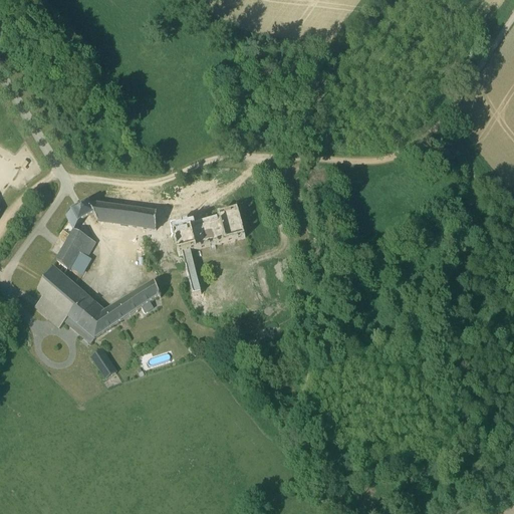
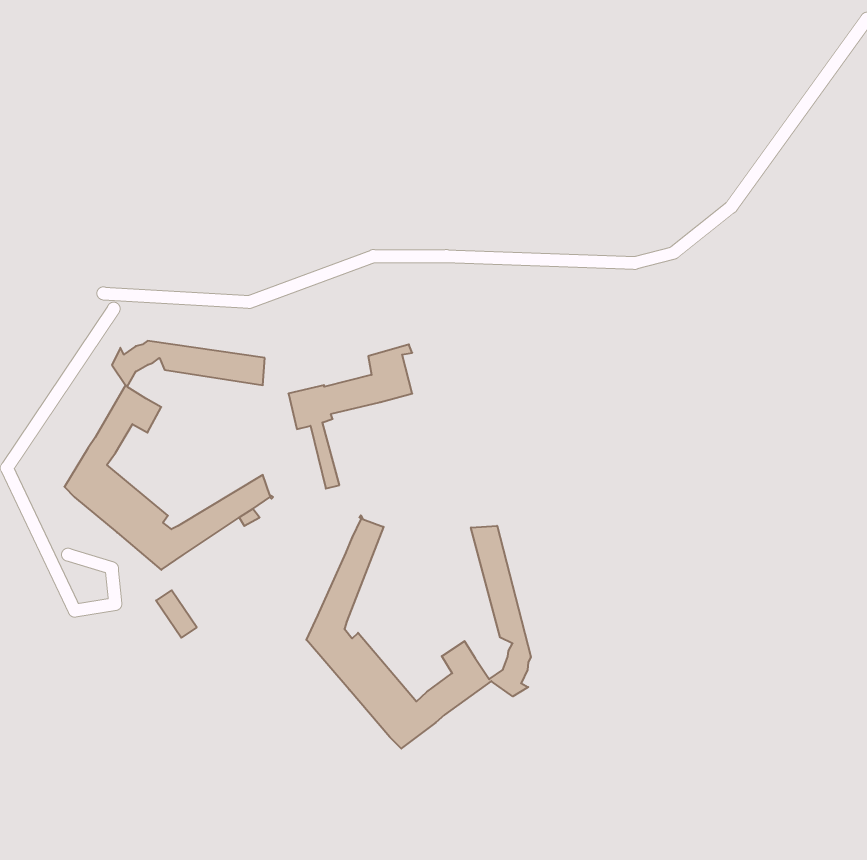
building: [35,294,69,326] -> none
building: none -> [306,515,531,749]

